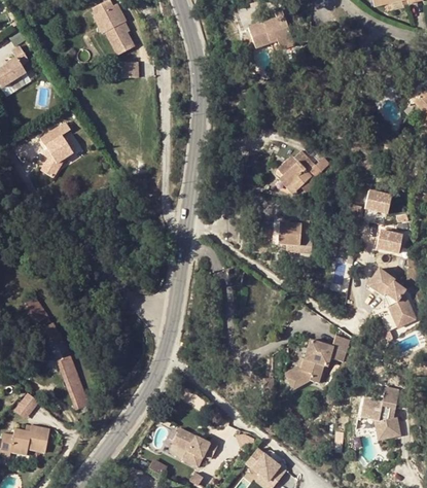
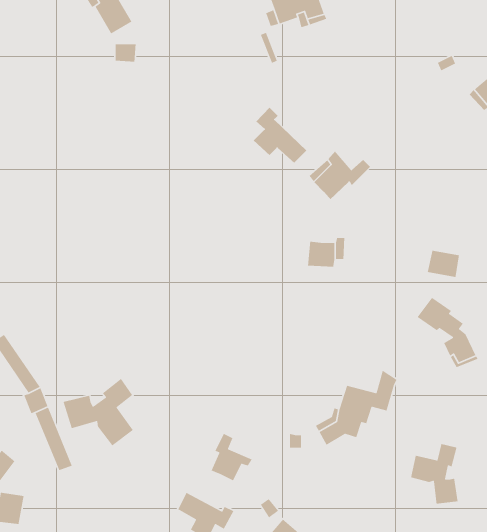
building: none -> [253,107,307,164]
building: [40,120,73,177] -> none
building: [362,193,389,214] -> none
building: none -> [62,378,134,446]
building: none -> [211,433,253,482]

